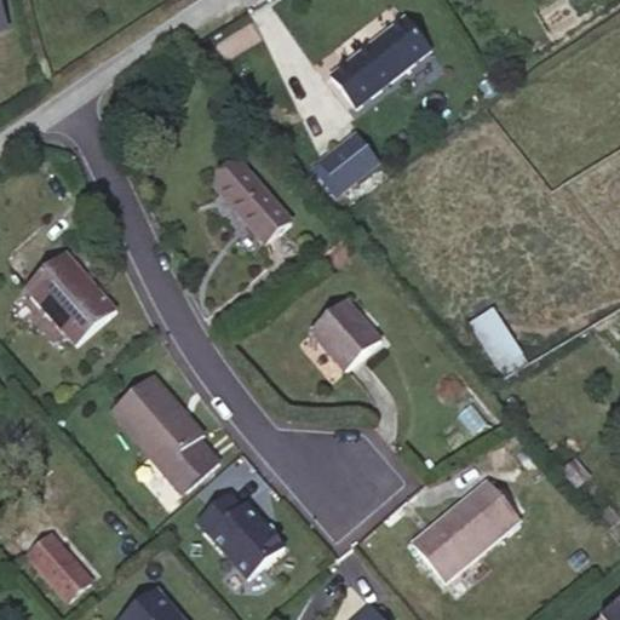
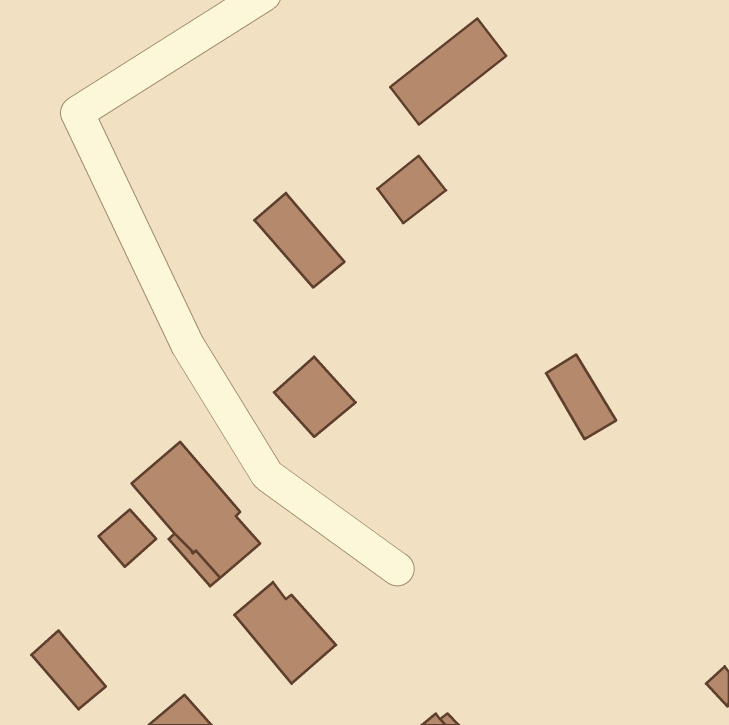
building: [25,252,115,344] -> none
building: [311,300,380,368] -> [274,357,356,437]
building: none -> [99,510,156,567]
building: [412,478,519,581] -> none

